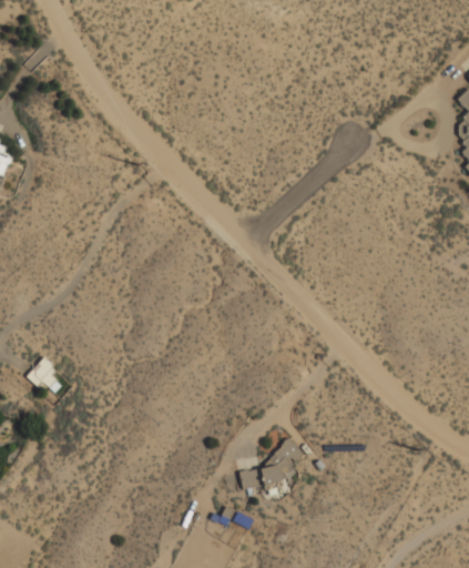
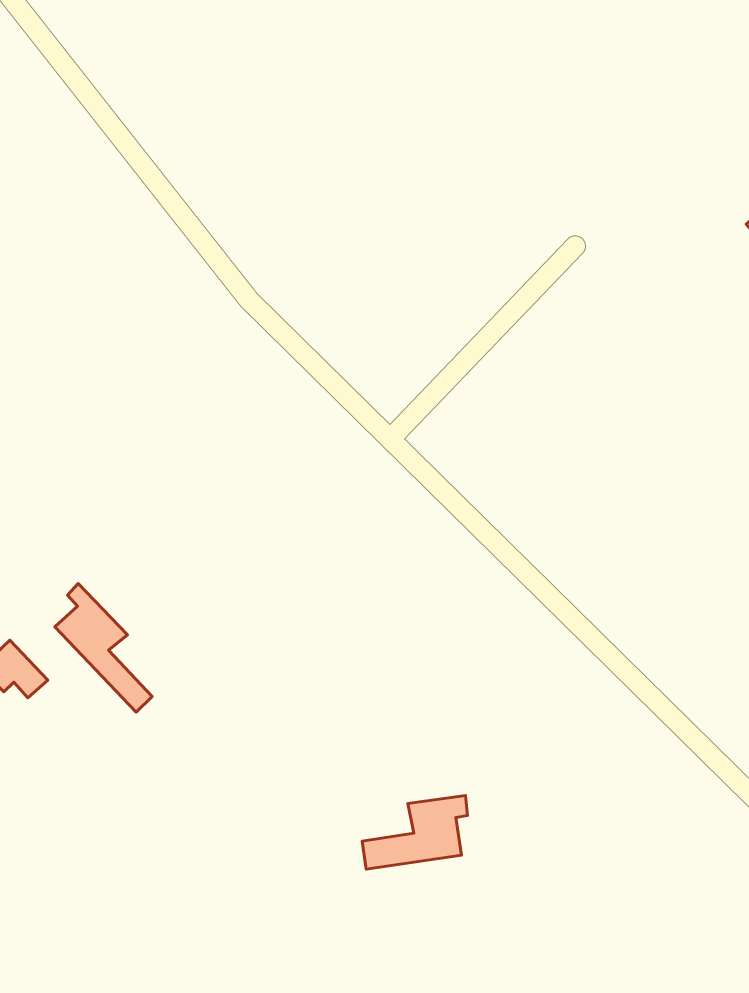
building: none -> [55,583,152,712]

